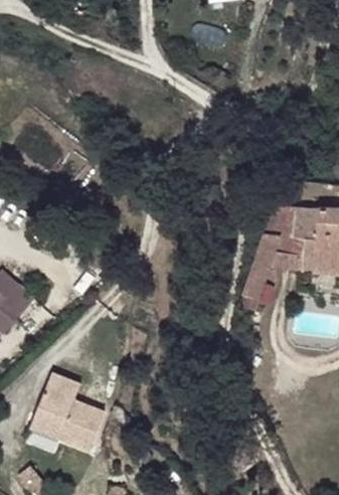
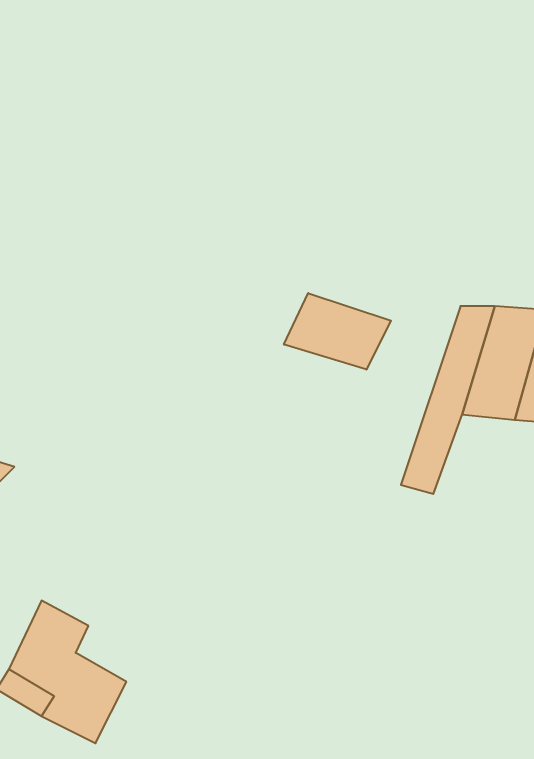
building: none -> [284,293,391,370]

